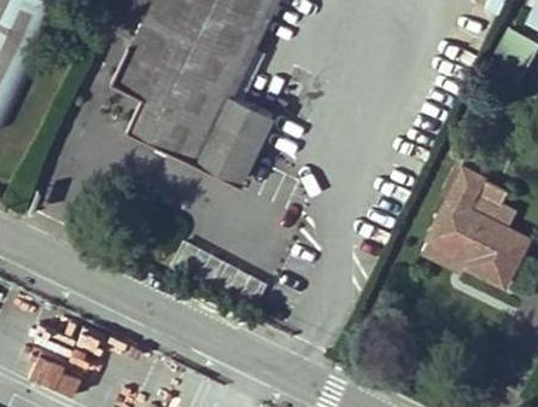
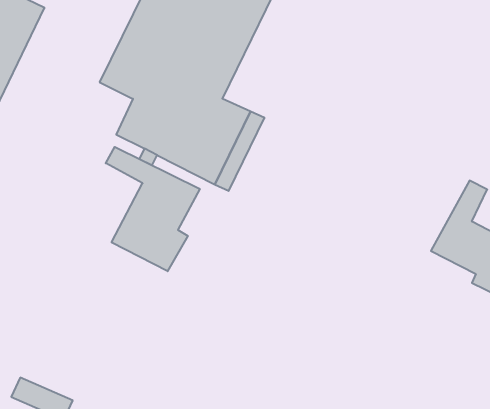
building: none -> [106,147,200,271]

